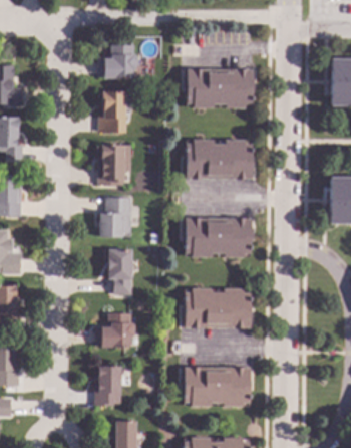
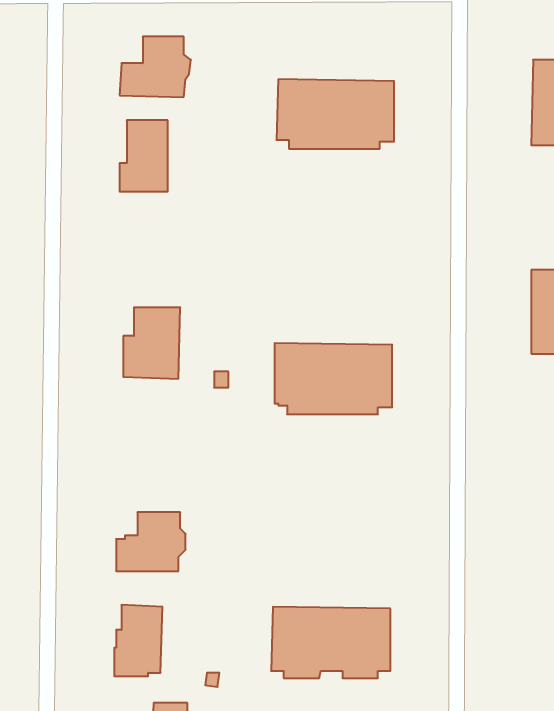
building: [186,139,252,179] -> none
building: [98,144,131,185] -> none
building: [108,248,133,294] -> none
building: [185,287,251,327] -> none

